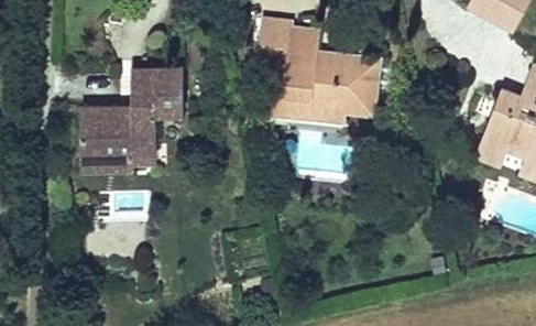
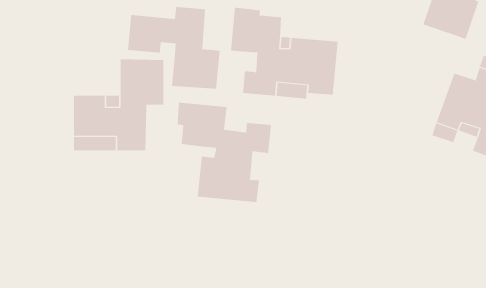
building: none -> [127,6,220,90]
building: none -> [177,102,271,203]

